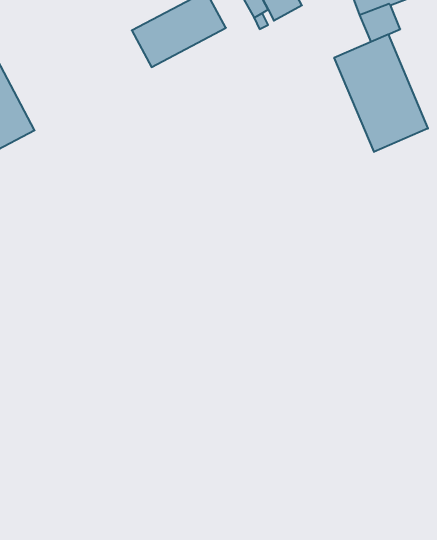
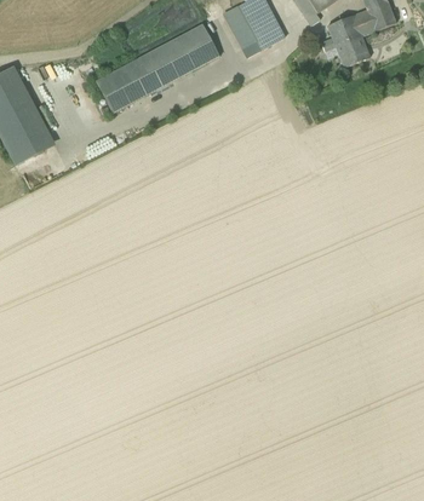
building: none -> [94,58,155,113]
building: [334,34,428,152] -> none

